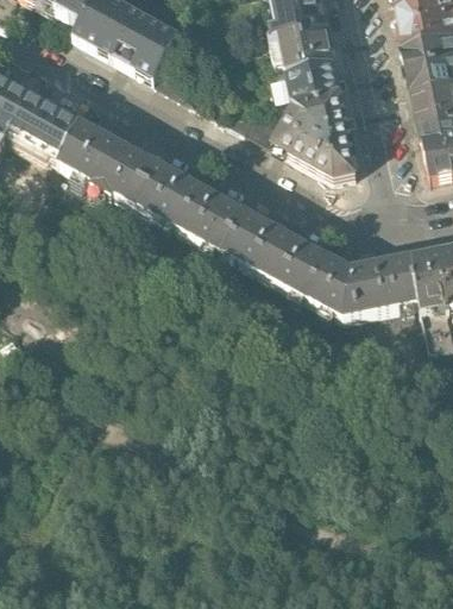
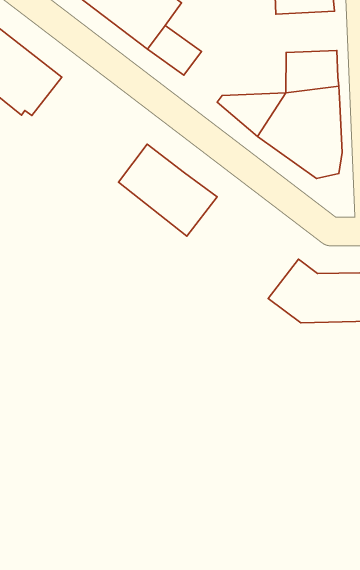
building: [271,14,334,61] -> none
building: [57,118,170,208] -> none
building: [221,207,329,295] -> none

